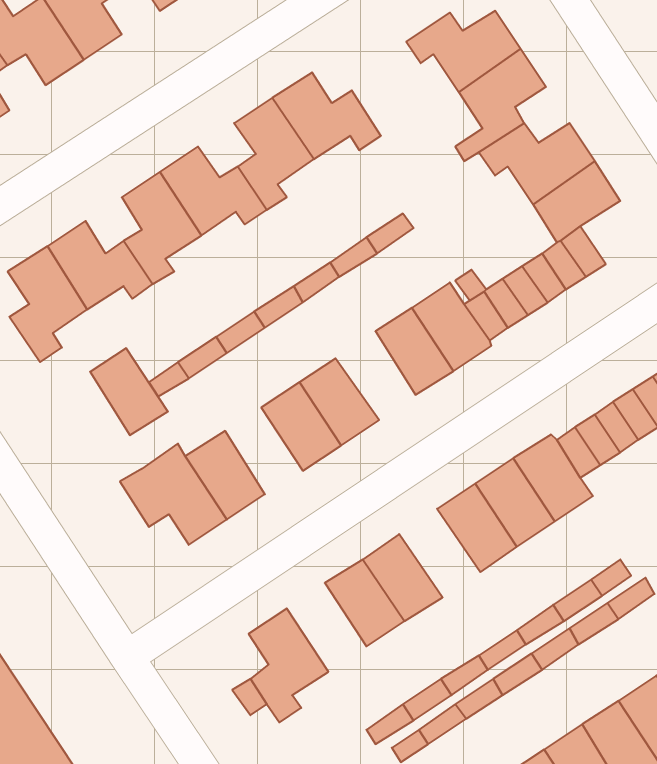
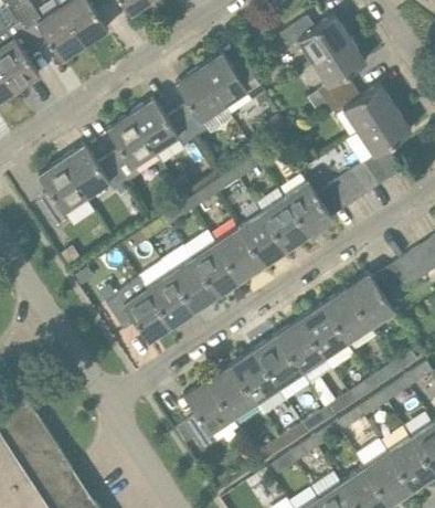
building: none -> [237,211,286,265]
building: [90,348,168,435] -> [170,257,217,310]
building: none -> [276,319,333,384]
building: none -> [208,364,256,419]

